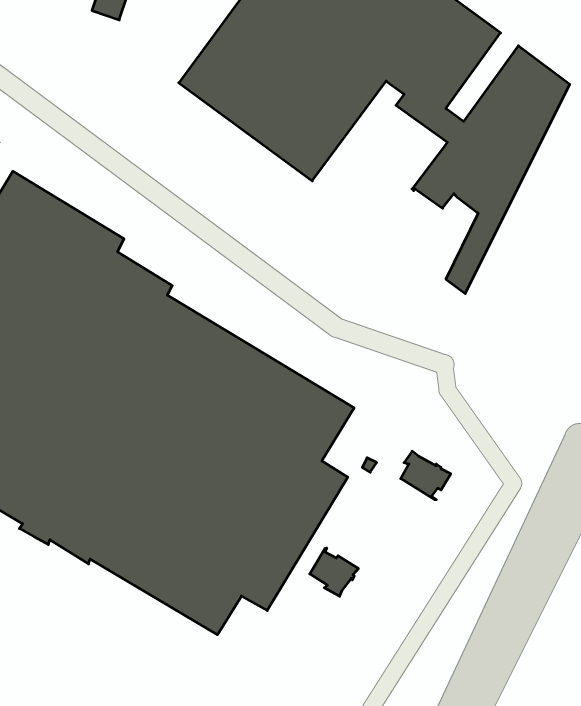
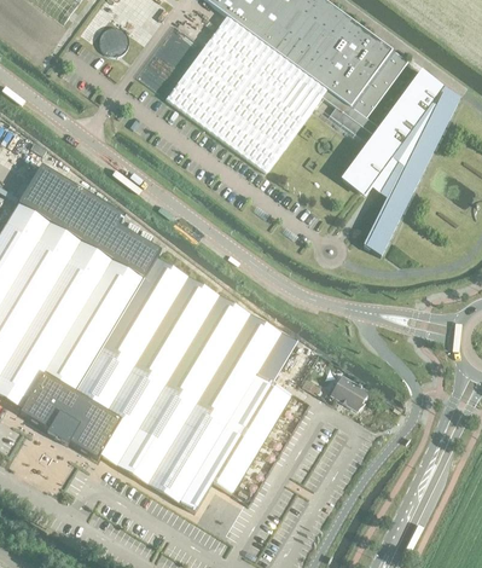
building: [310,548,358,596] -> none

